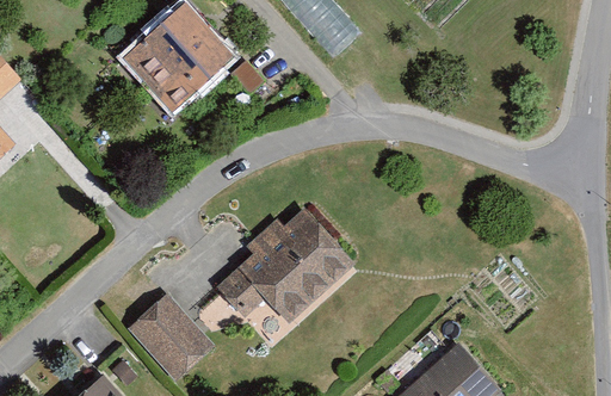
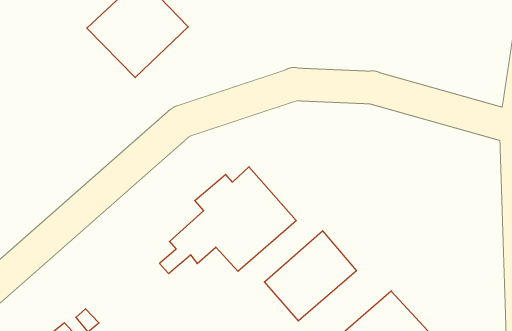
building: none -> [264,231,356,321]
building: [129,293,215,380] -> none

